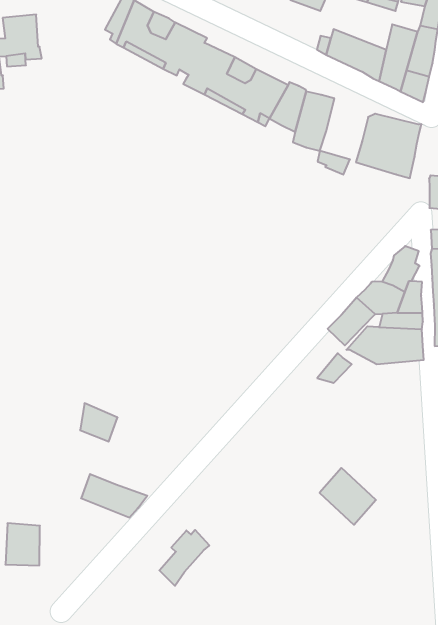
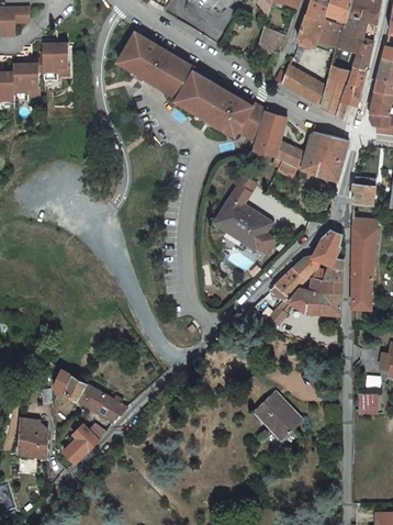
building: none -> [272,142,304,166]
building: none -> [213,171,271,253]
building: [80,403,118,442] -> [58,375,87,404]
building: [159,530,209,586] -> [64,424,102,465]

